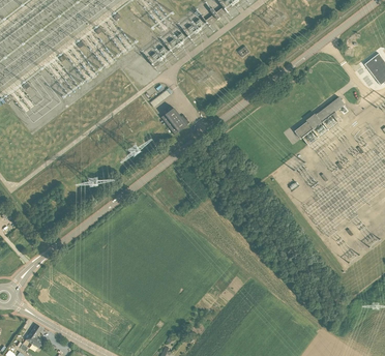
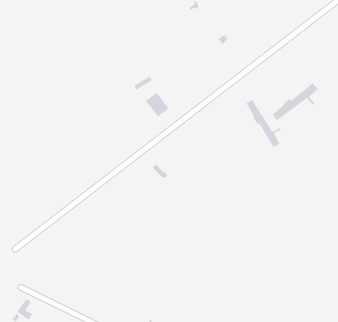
building: none -> [245,99,282,148]

